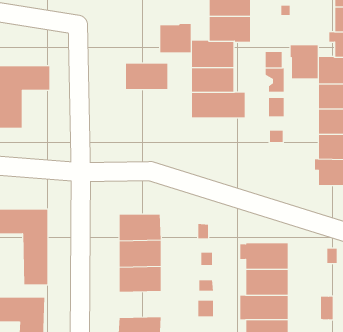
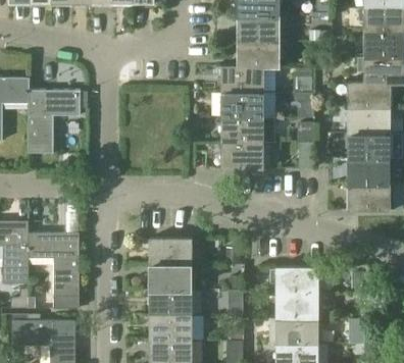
building: [160,23,191,53] -> none
building: [290,45,318,79] -> none
building: [125,63,168,90] -> [221,144,264,170]
building: none -> [149,316,192,343]

